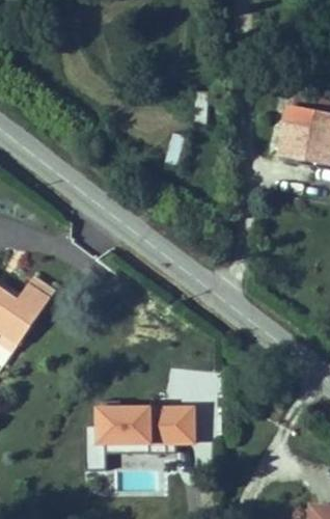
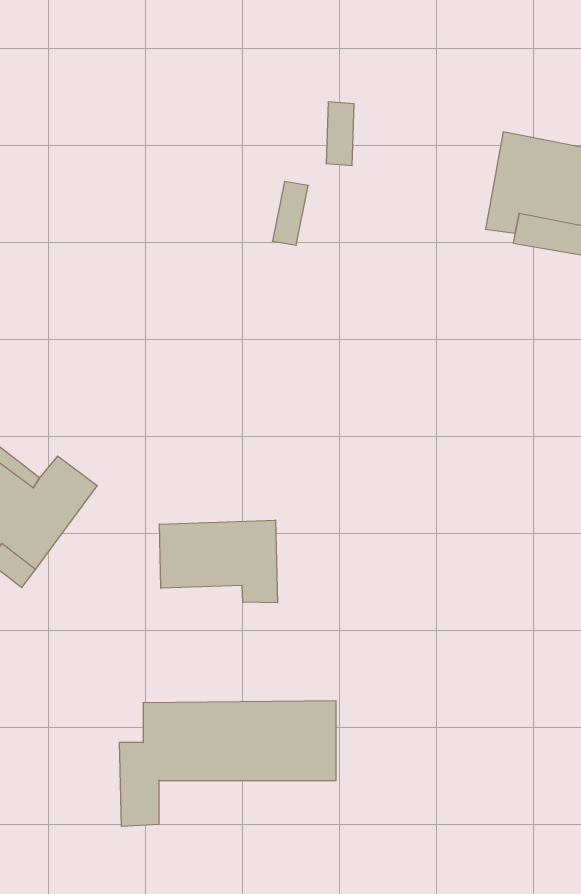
building: none -> [159,520,277,603]

